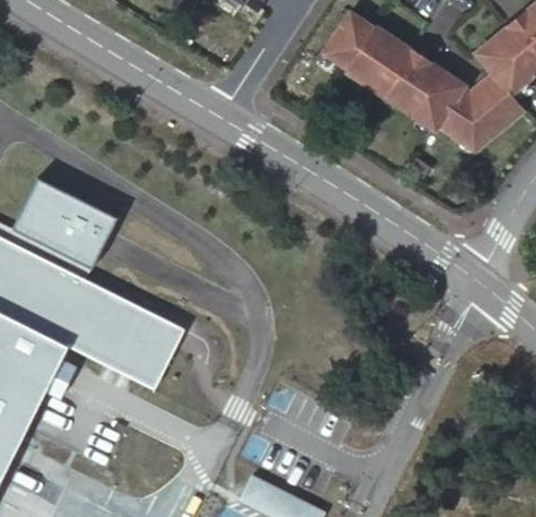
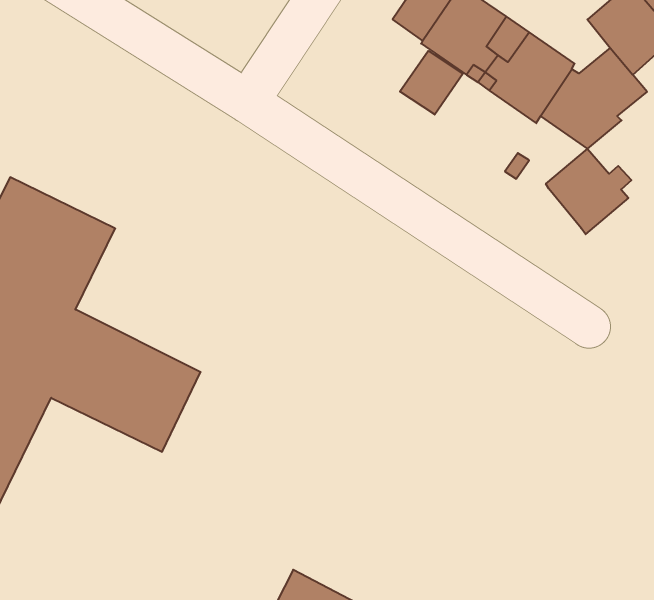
building: none -> [400,51,463,115]
building: none -> [546,149,631,234]

